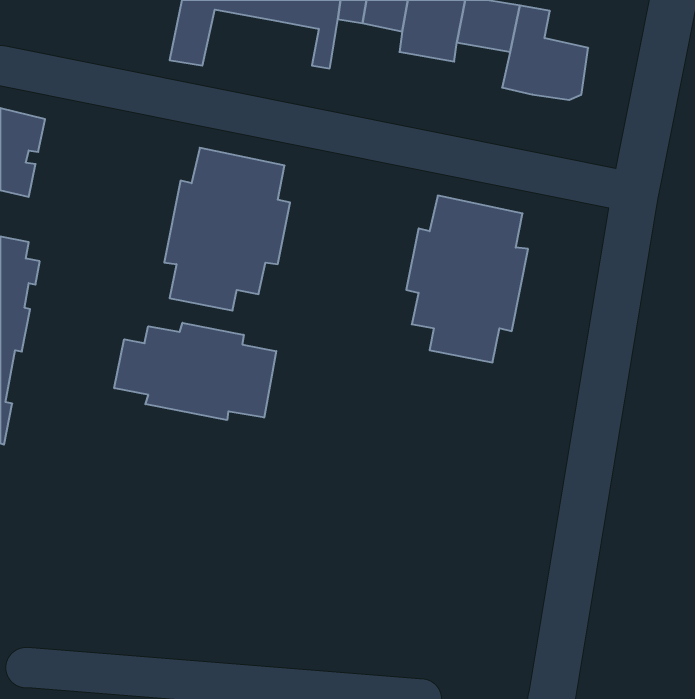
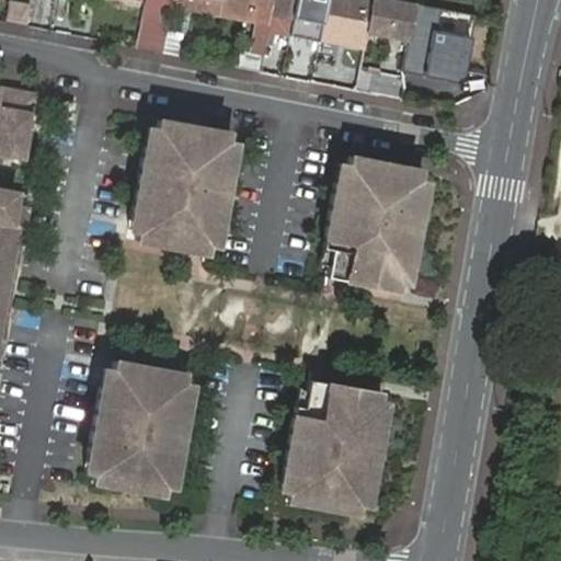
building: [114,323,276,420] -> none
building: none -> [88,362,184,495]
building: none -> [285,381,383,511]

